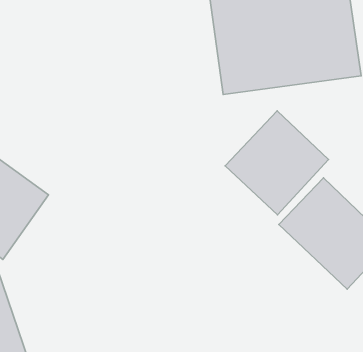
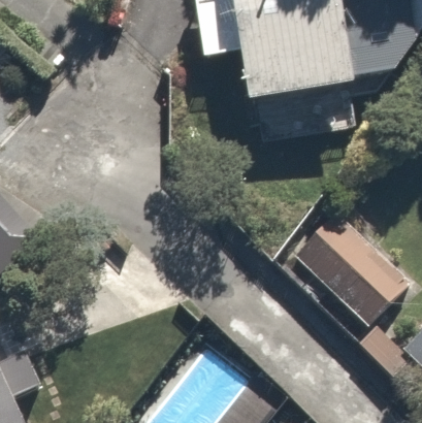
building: [225,111,329,215] -> none

